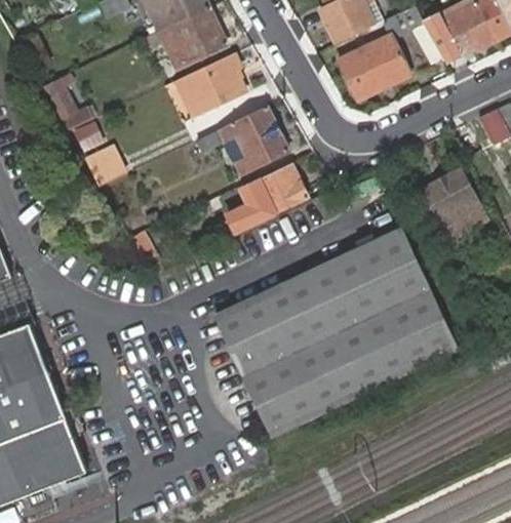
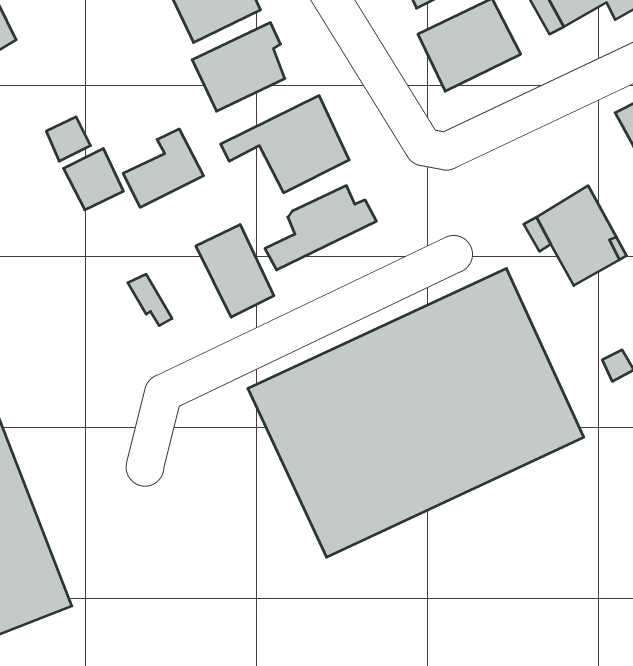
building: [44,75,92,131] -> none
building: none -> [123,129,204,207]
building: none -> [196,224,274,317]

